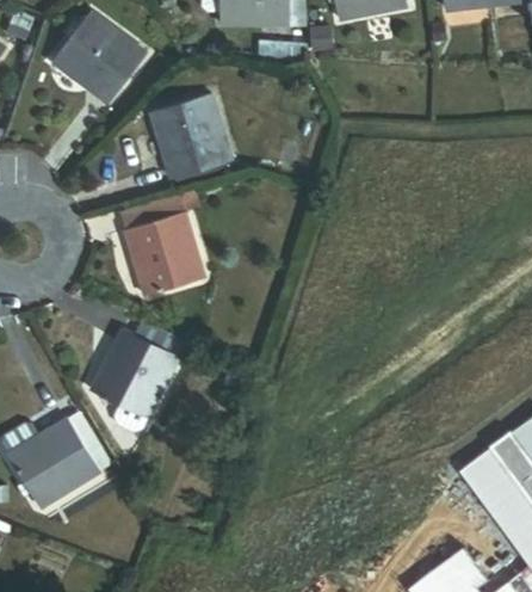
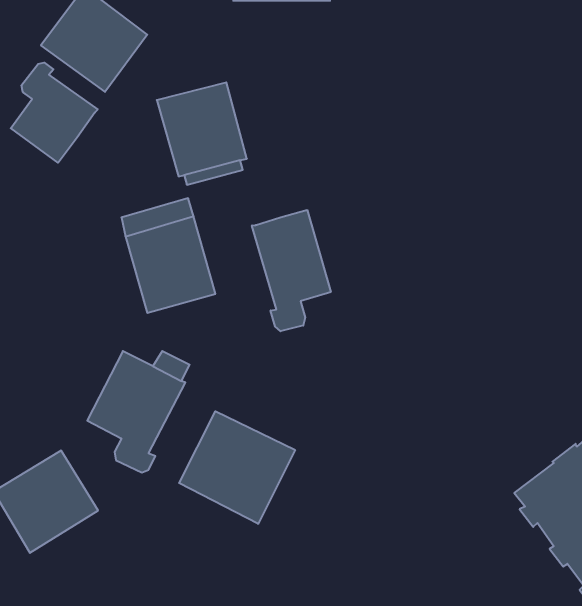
building: none -> [11,63,98,163]
building: none -> [252,210,331,331]
building: none -> [179,411,295,524]

